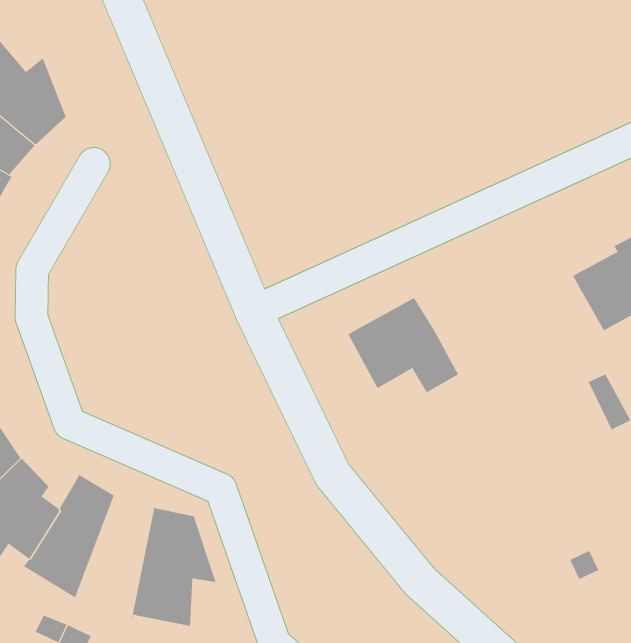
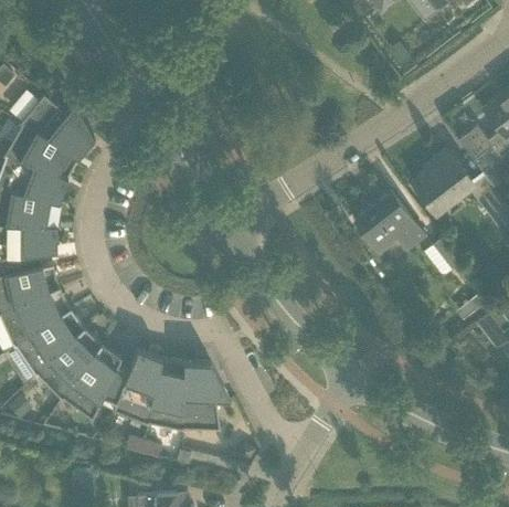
building: [347,297,459,393] -> [356,192,426,251]
building: none -> [148,357,185,430]

